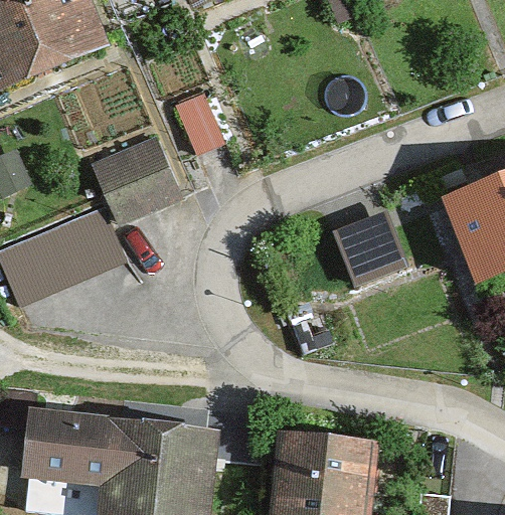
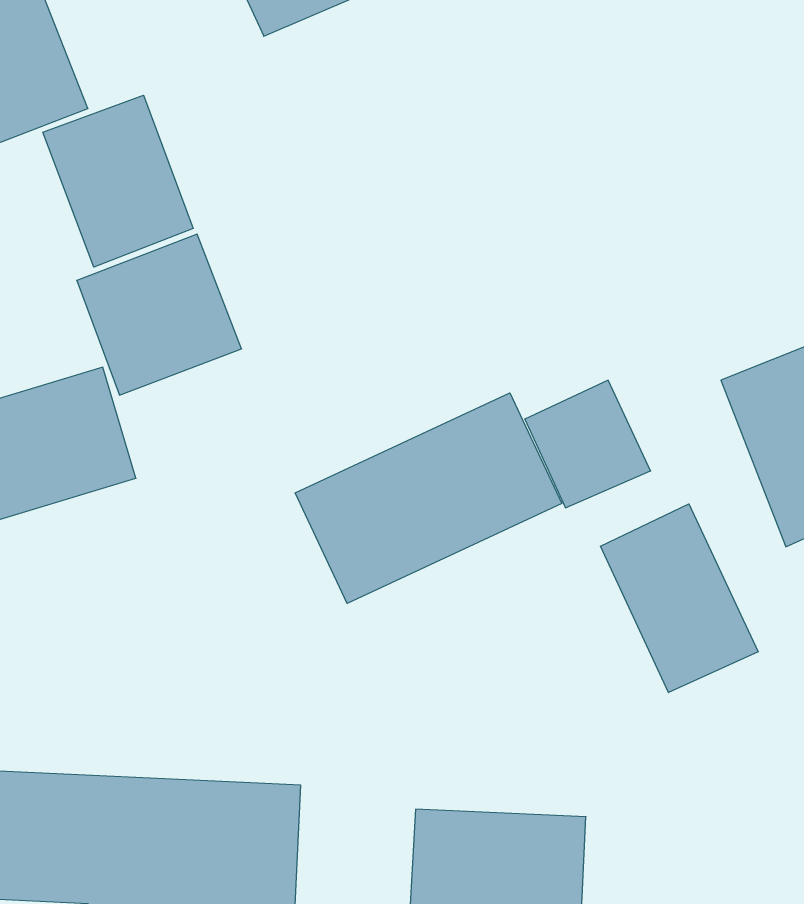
building: none -> [43,95,193,267]
building: none -> [295,393,562,603]
building: none -> [601,504,758,693]

